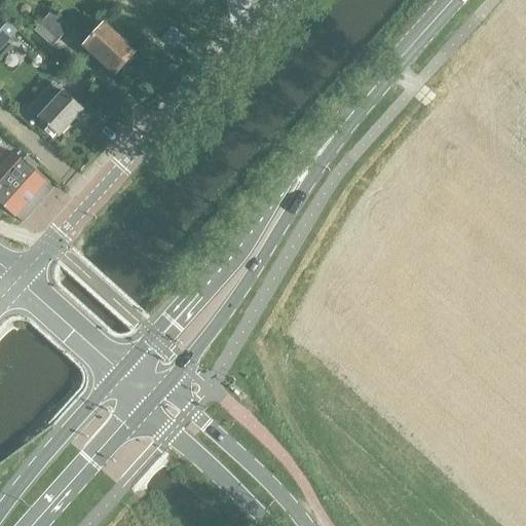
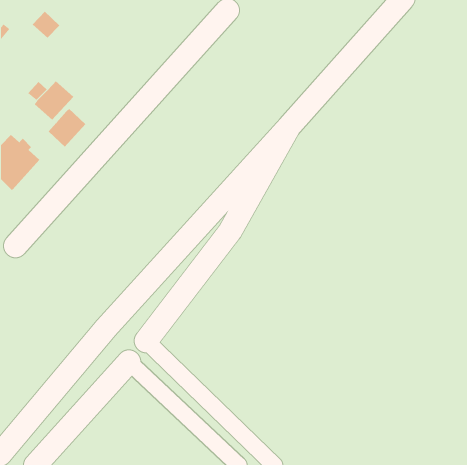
building: [77,22,135,73] -> none
building: none -> [48,108,86,147]

